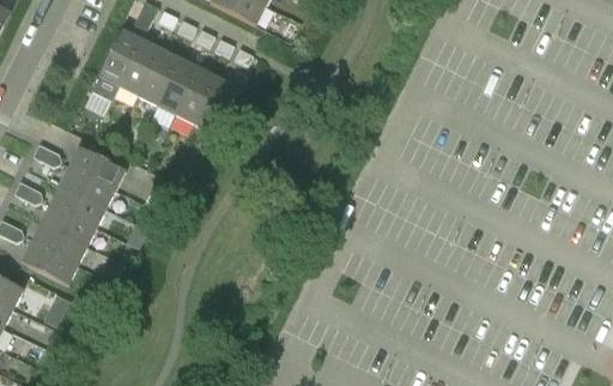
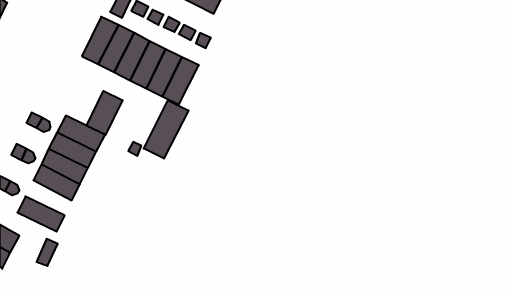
building: none -> [87,91,123,135]
building: none -> [144,100,189,159]
building: [31,223,86,265] -> none

